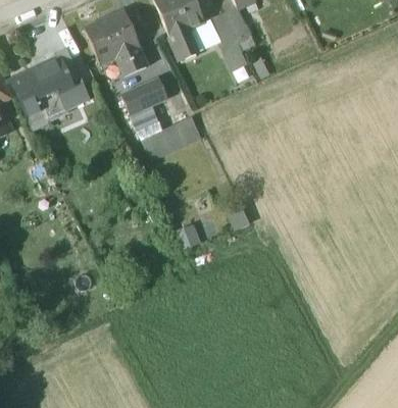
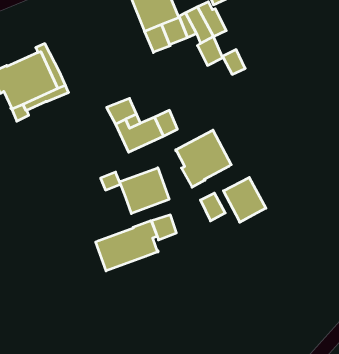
building: [86,10,147,73] -> none
building: [120,78,166,113] -> none
building: none -> [176,130,231,187]
building: none -> [119,168,169,214]
building: none -> [223,177,266,222]
building: none -> [96,221,158,271]

